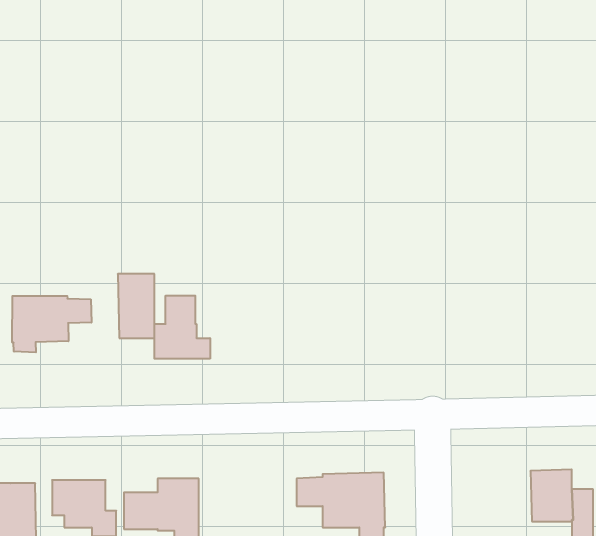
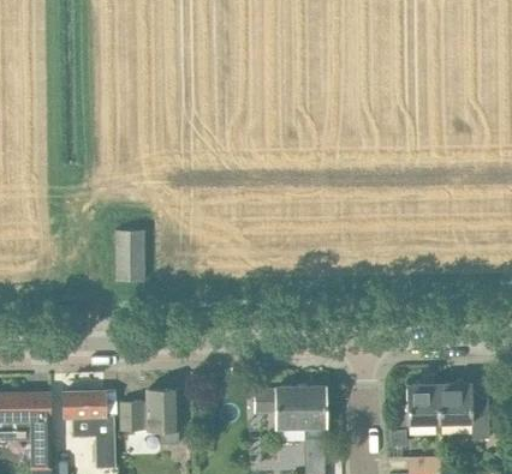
building: [154,296,210,359] -> none
building: [12,296,91,352] -> none
building: none -> [395,385,441,426]

